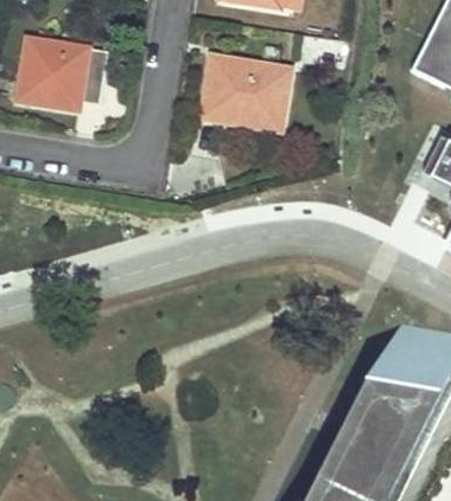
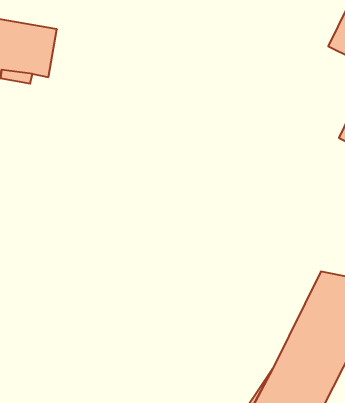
building: [203,57,292,131] -> none

